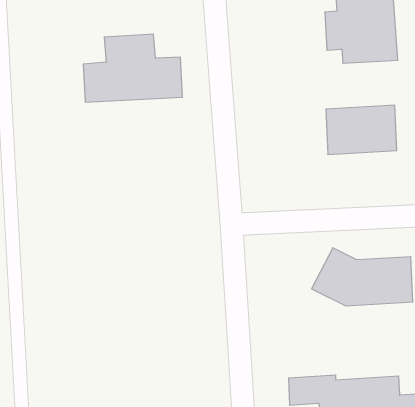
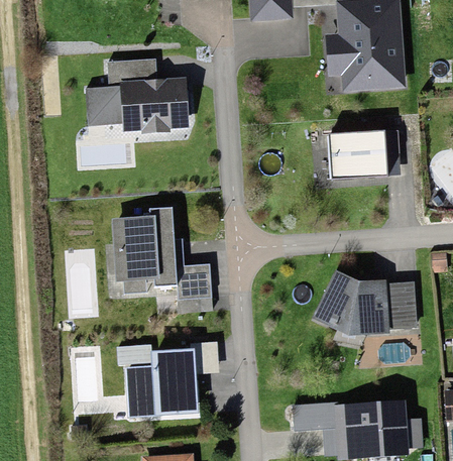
building: none -> [111,205,214,312]
building: none -> [118,344,199,417]

